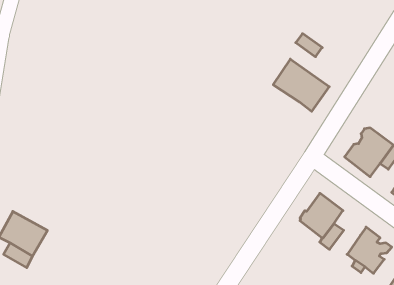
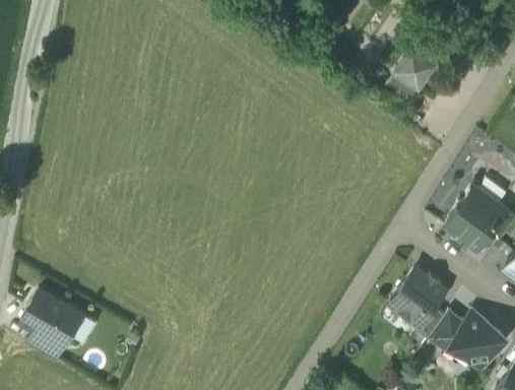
building: none -> [394,46,439,90]
building: [273,59,329,111] -> none
building: none -> [429,308,466,350]

